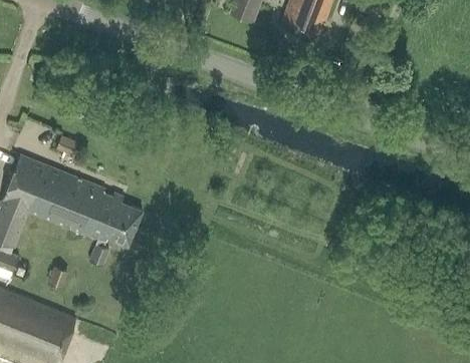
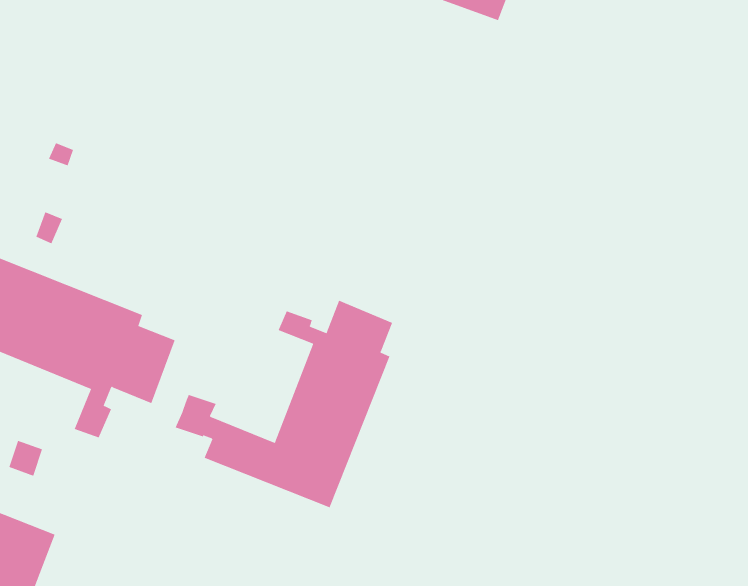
building: none -> [175,300,393,508]

